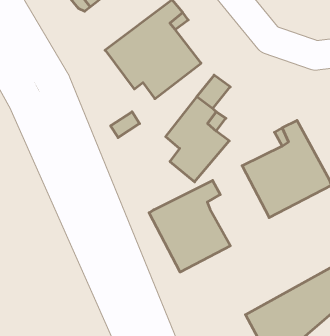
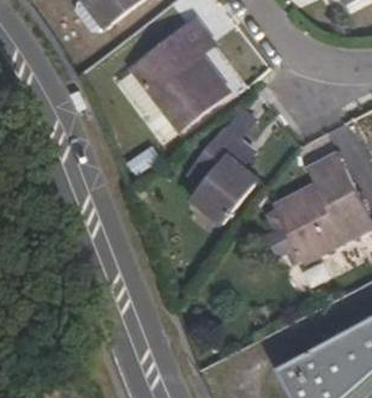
building: [149,180,230,272] -> none

